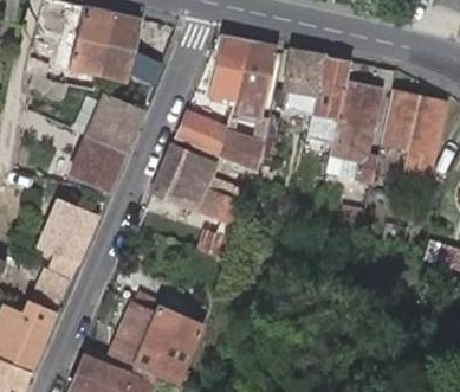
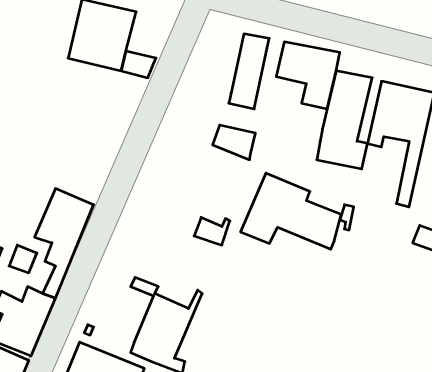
building: [208,36,251,102] -> none
building: [67,94,143,193] -> none
building: [176,115,227,155] -> none
building: [147,148,250,226] -> [241,173,341,249]
building: [110,306,156,368] -> none

